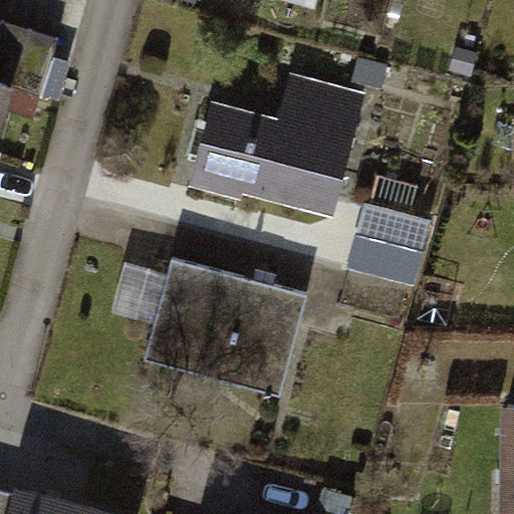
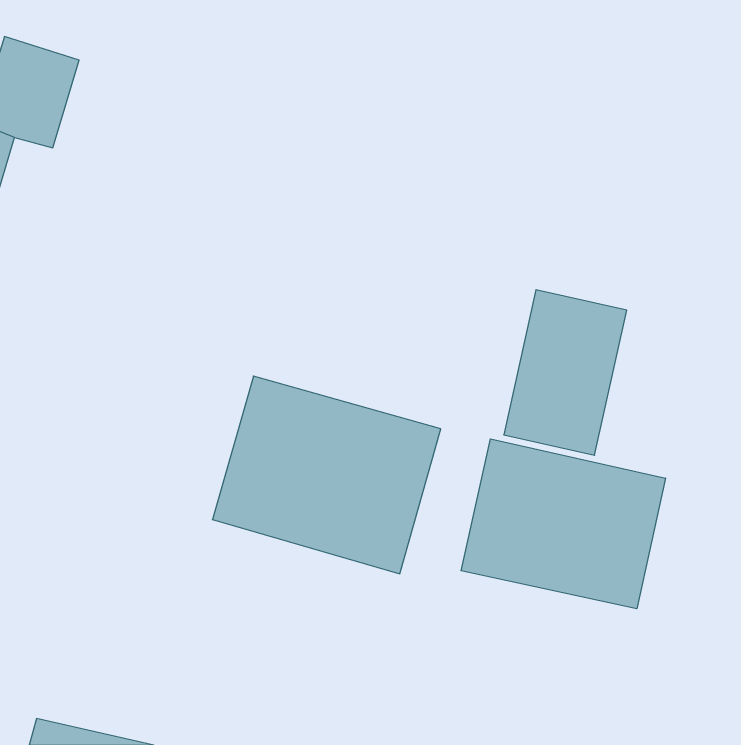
building: [197,80,361,211] -> none
building: none -> [461,439,665,609]

